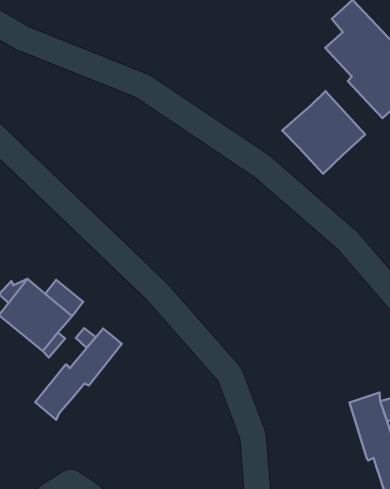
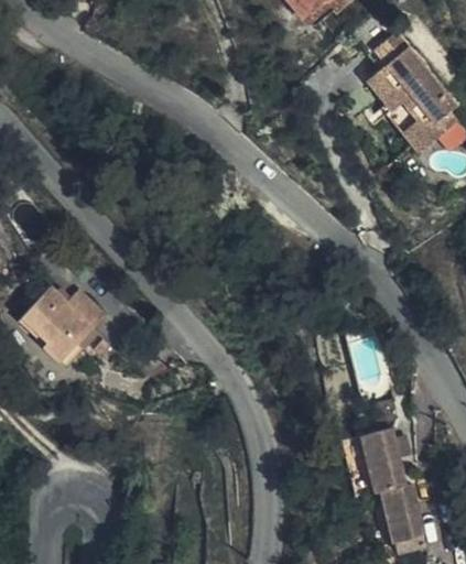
building: [282,91,365,174] -> none
building: [35,328,122,420] -> none

